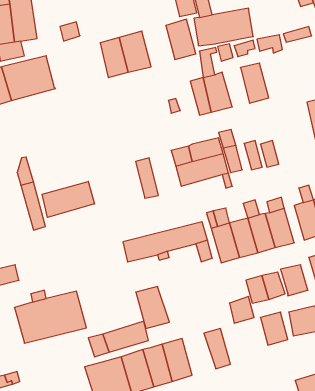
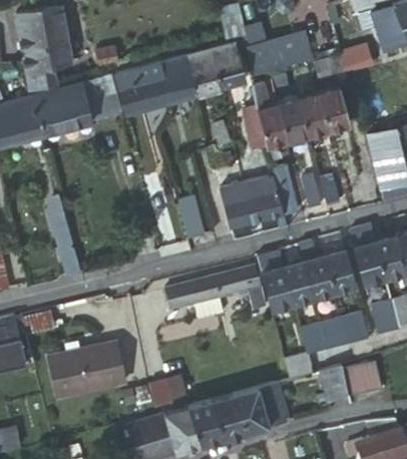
building: none -> [187,50,224,95]
building: none -> [117,69,150,113]
building: none -> [82,76,116,118]
building: none -> [317,85,347,129]
building: none -> [276,96,306,139]
building: [42,181,95,217] -> none
building: [136,287,169,329] -> [232,388,269,434]

